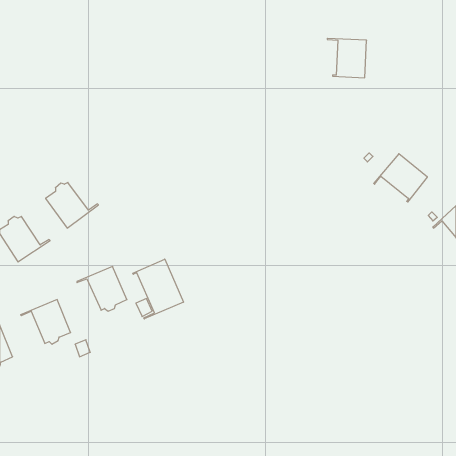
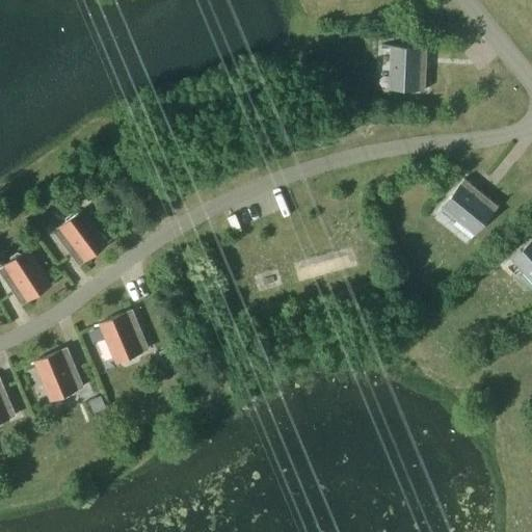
building: [133,259,183,319] -> none

